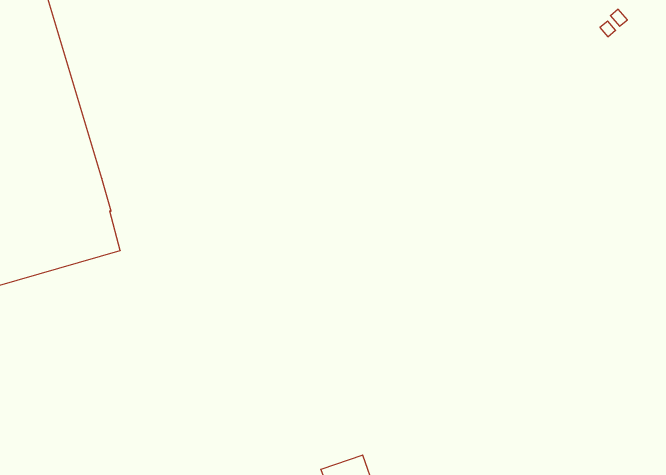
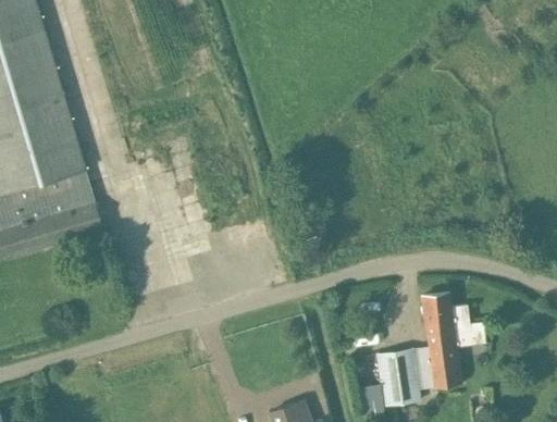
building: none -> [374,295,485,409]

